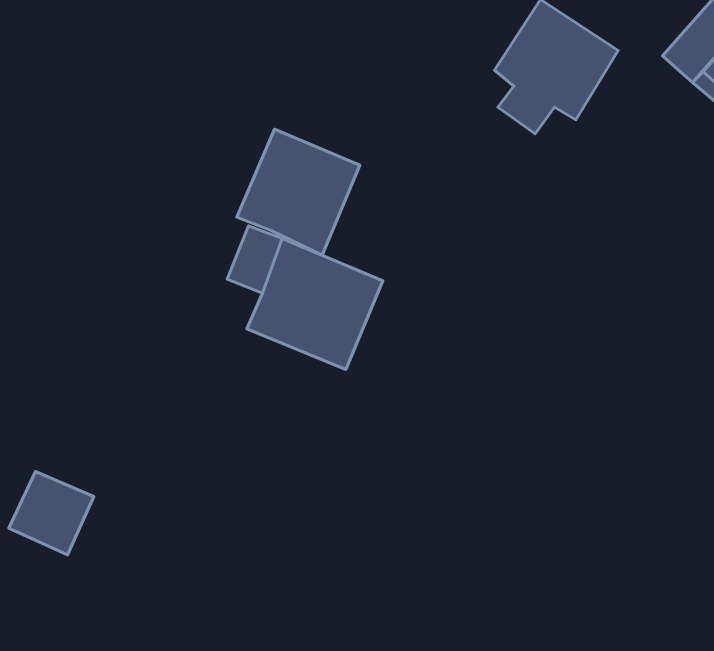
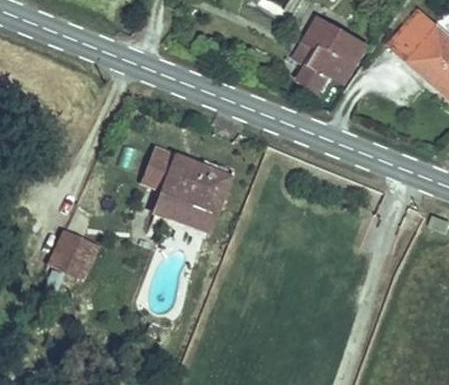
building: [237,129,360,255] -> none
building: [9,472,94,555] -> [51,228,99,275]

